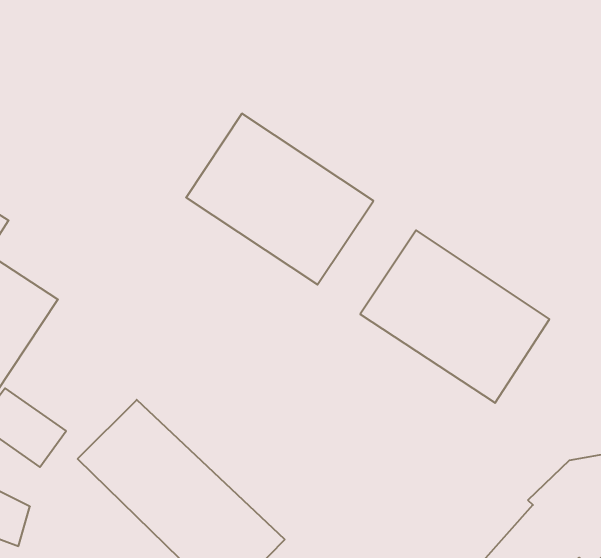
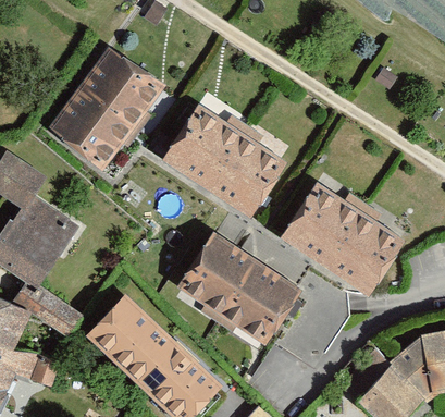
building: none -> [48,48,161,168]
building: none -> [174,231,301,345]

